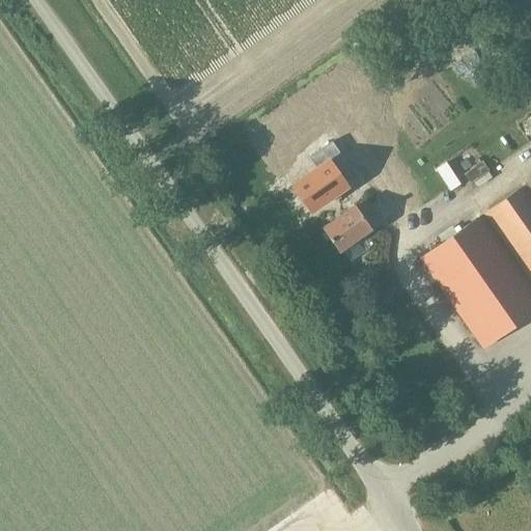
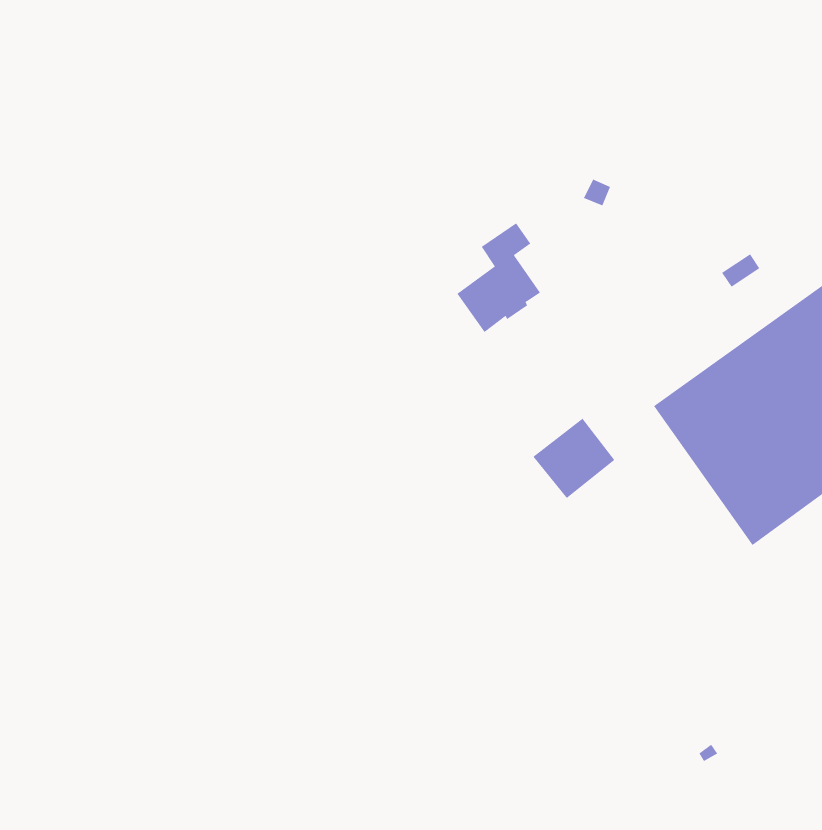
building: [324,203,376,255] -> [532,418,615,499]

